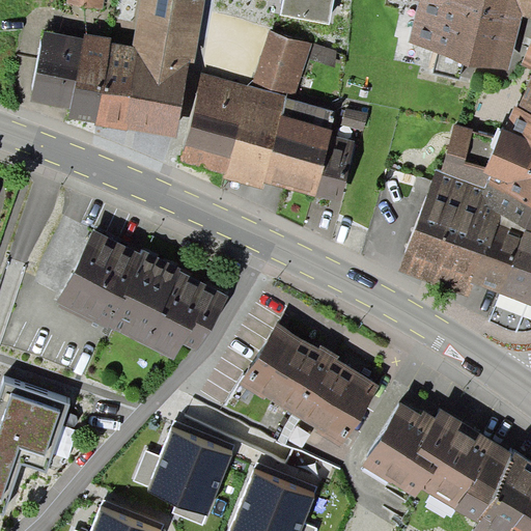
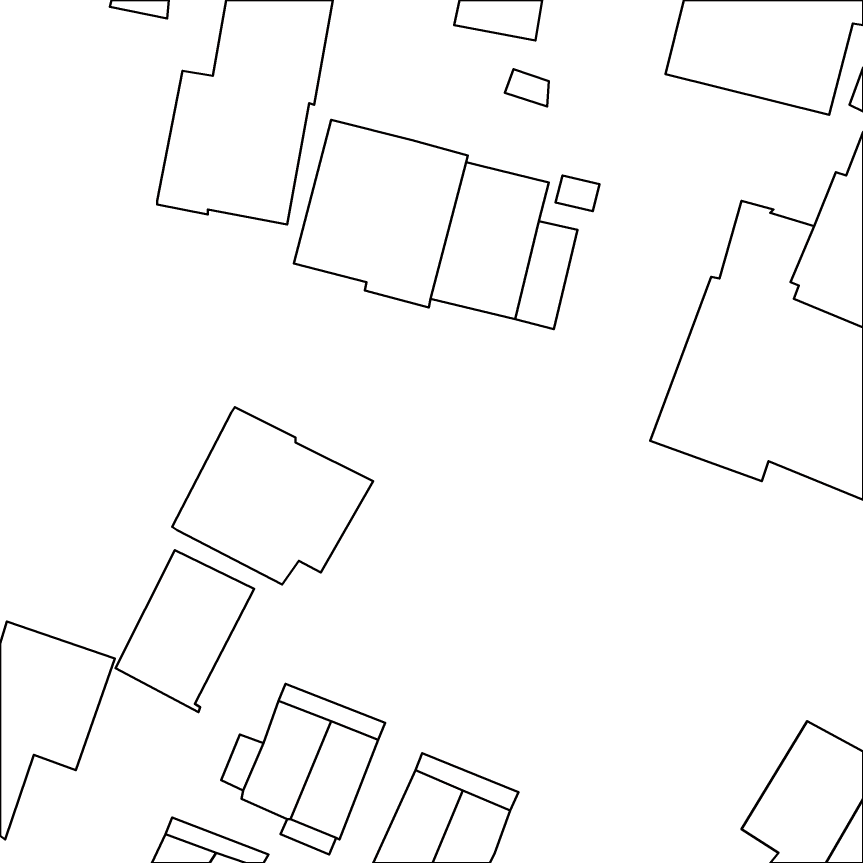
building: [30,31,113,123] -> none
building: [253,32,312,102] -> none
building: [57,229,142,329] -> [116,550,254,712]
building: [239,322,379,447] -> none
building: [362,402,496,509] -> none

